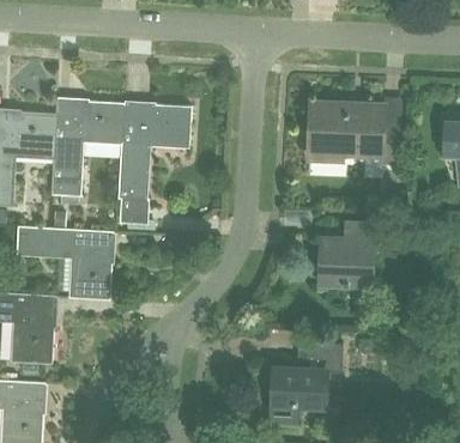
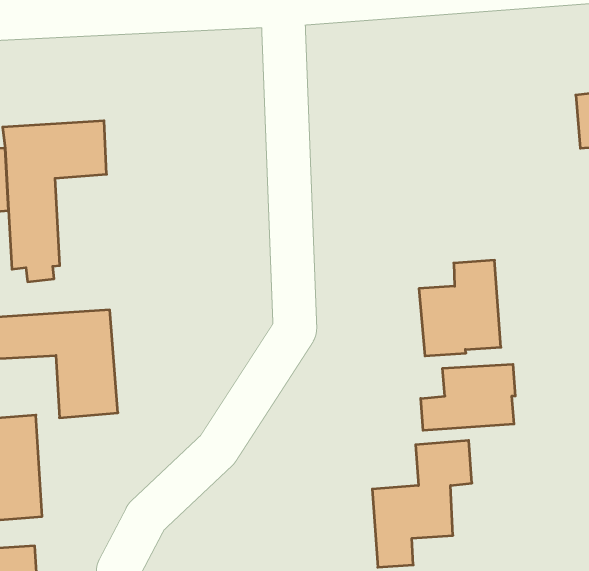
building: [117,103,192,224] -> none
building: [307,104,401,165] -> none
building: none -> [421,364,515,430]

